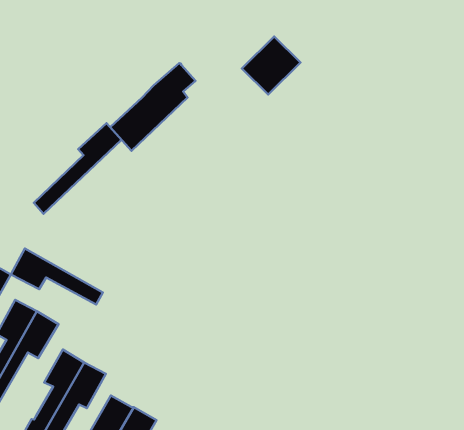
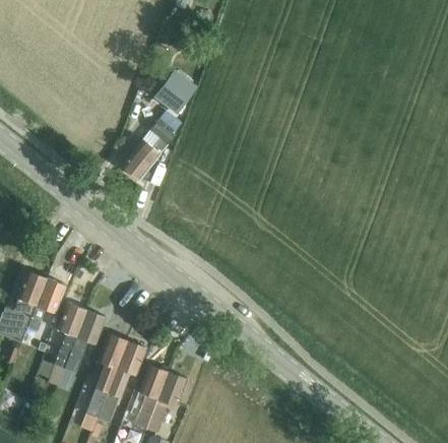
building: [242,36,300,95] -> [152,71,195,115]
building: [34,123,121,214] -> none
building: [11,249,103,304] -> none

